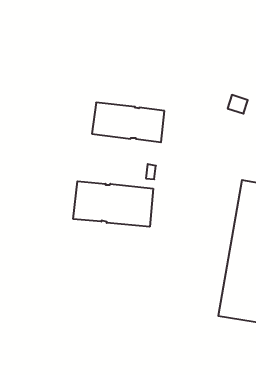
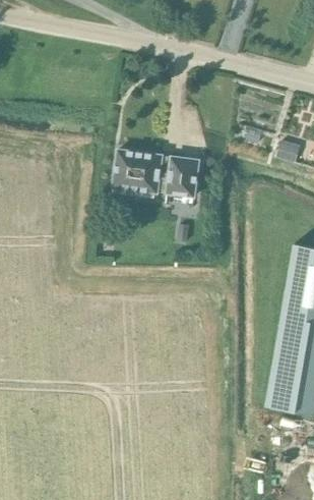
building: [73,181,153,227] -> none

